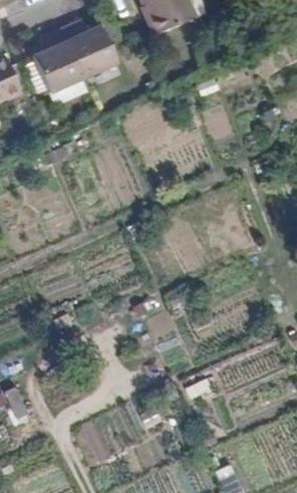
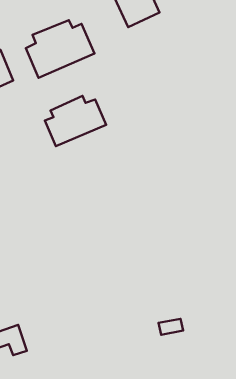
building: none -> [45,96,106,146]

